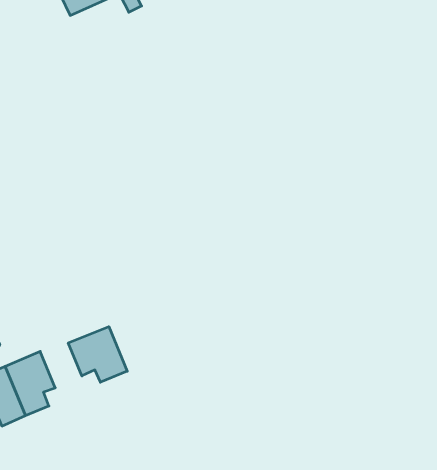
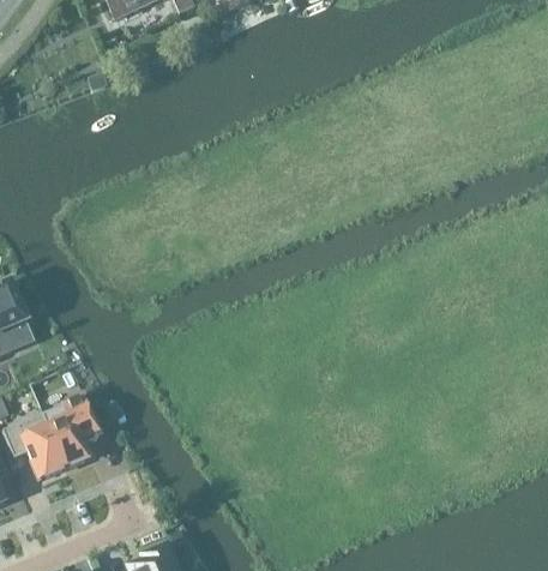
building: [68,327,127,382] -> none

